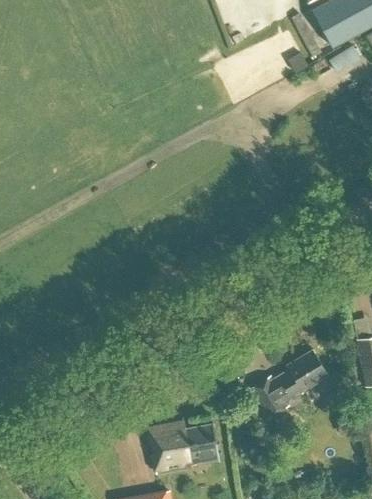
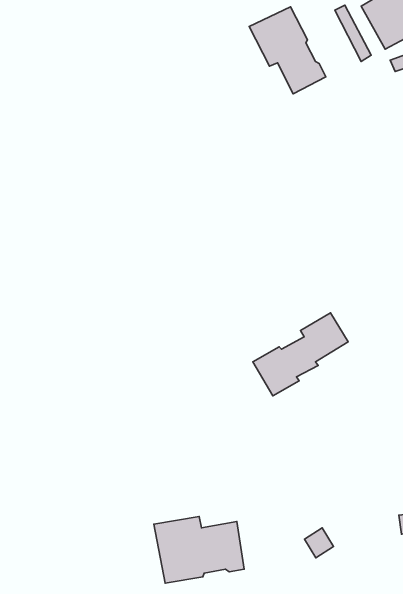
building: none -> [249,7,326,94]
building: [251,350,327,416] -> [253,313,348,396]

